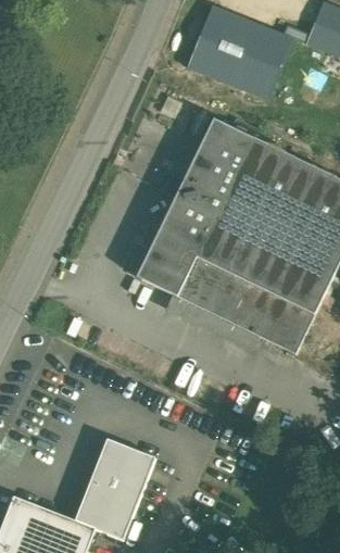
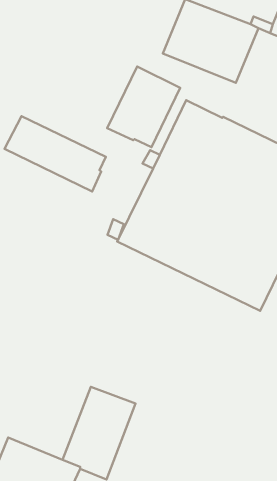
building: none -> [107,66,180,147]
building: none -> [5,116,106,191]

